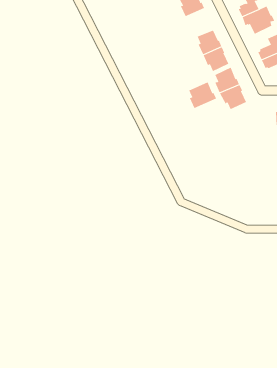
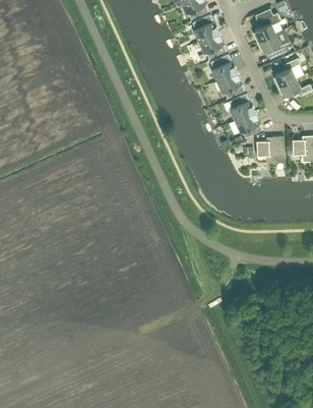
building: none -> [198,33,226,59]
building: [188,82,217,109] -> none
building: none -> [256,137,285,163]

